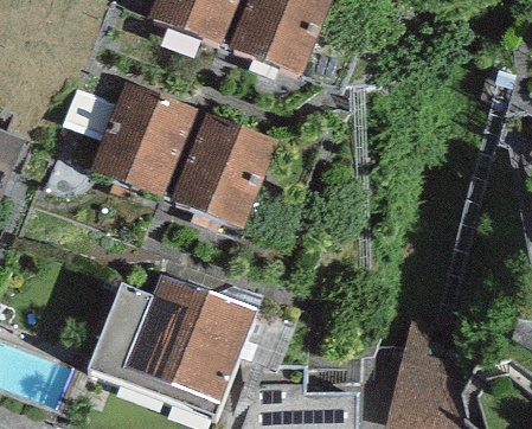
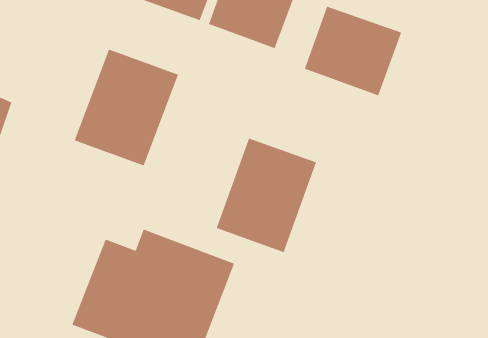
building: none -> [304,6,402,96]
building: [169,113,276,235] -> [216,138,317,253]

